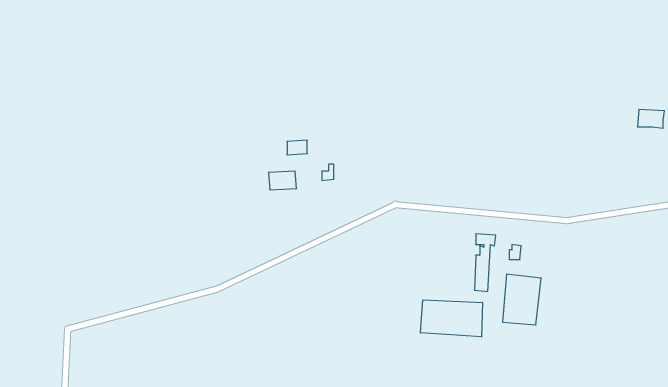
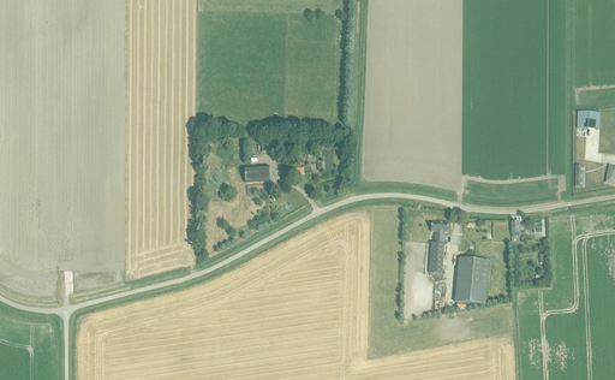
building: [420,300,482,337] -> none

